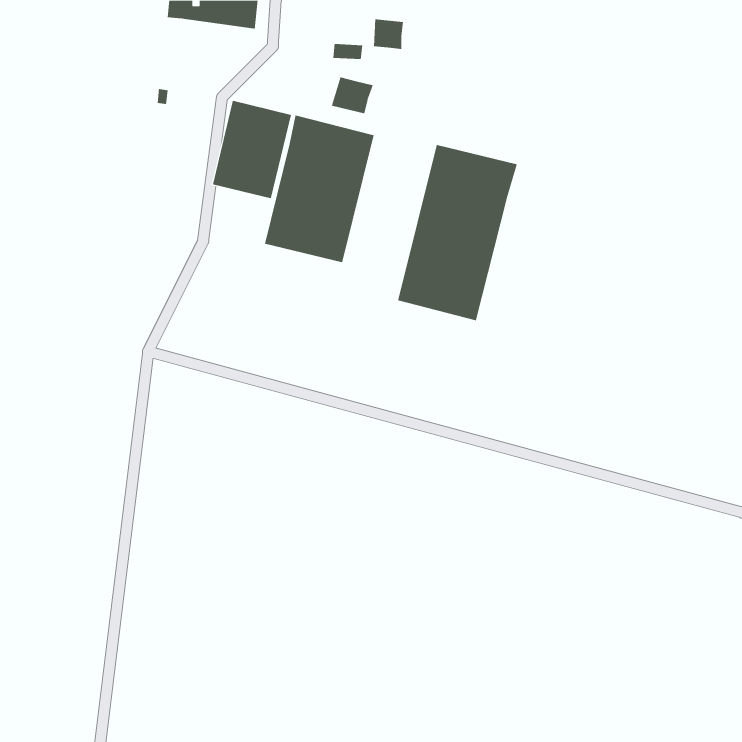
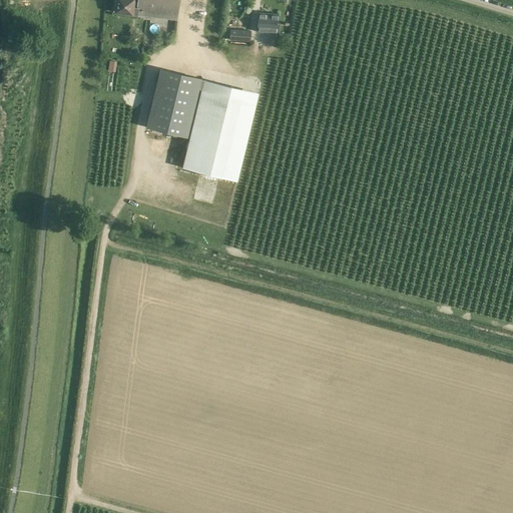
building: [331,77,373,114] -> none
building: [397,144,517,321] -> none

